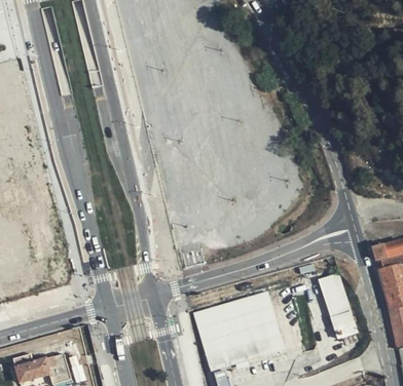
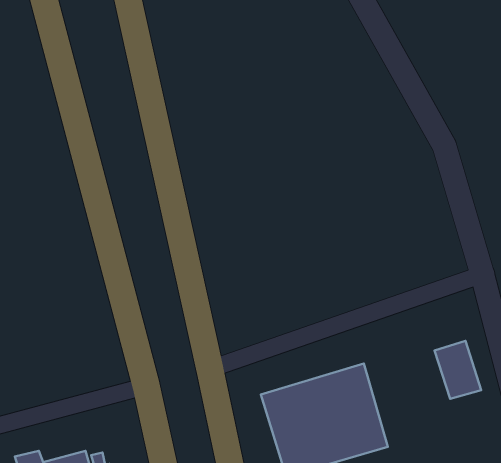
building: [330,310,360,341] -> none

